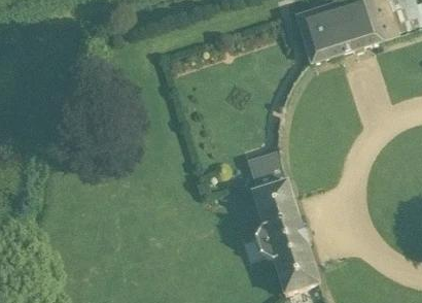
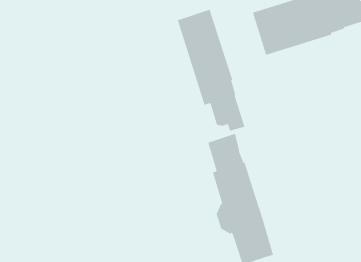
building: none -> [177,9,245,132]

